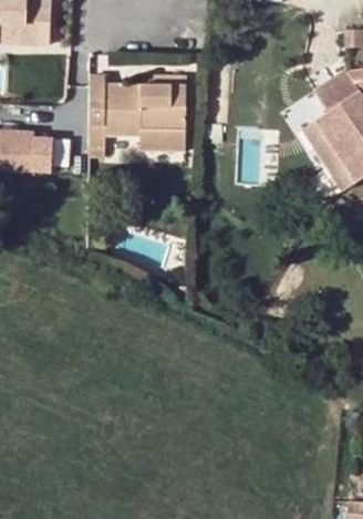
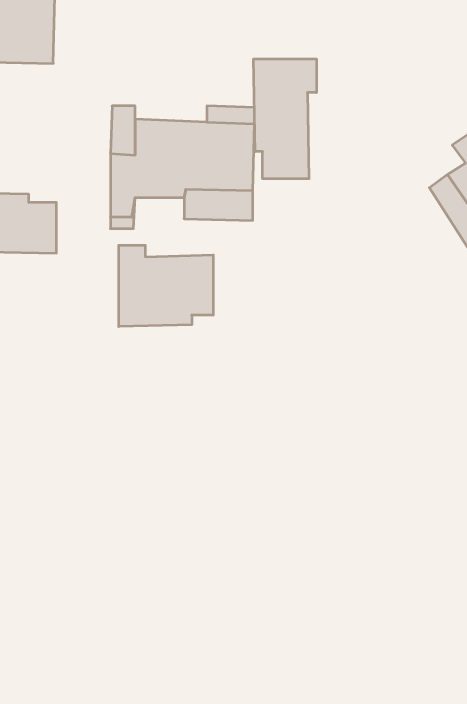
building: none -> [254,59,316,179]
building: none -> [119,245,213,327]

